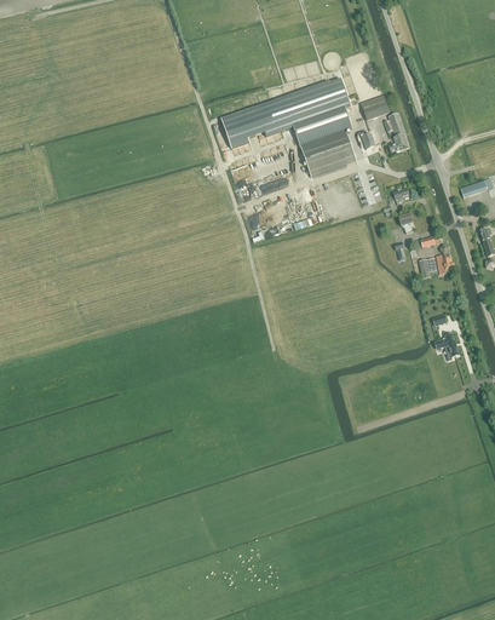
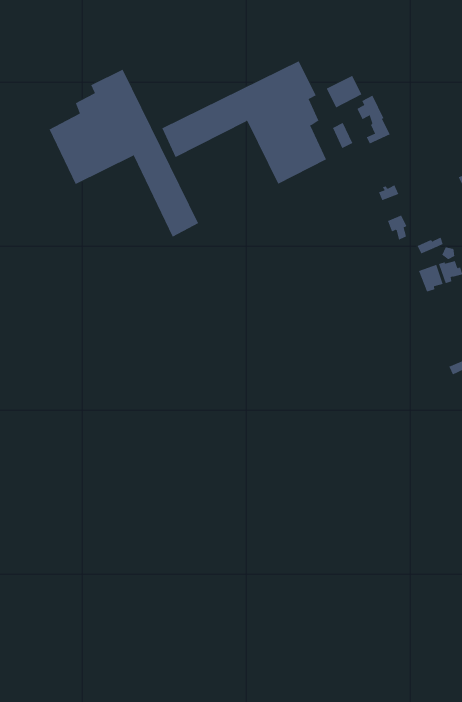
building: none -> [49,69,199,237]

